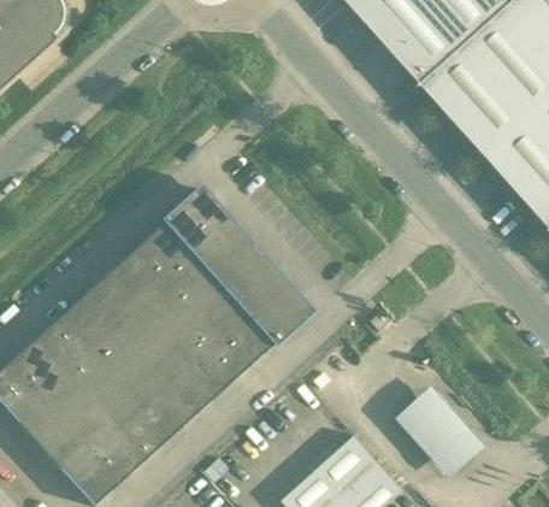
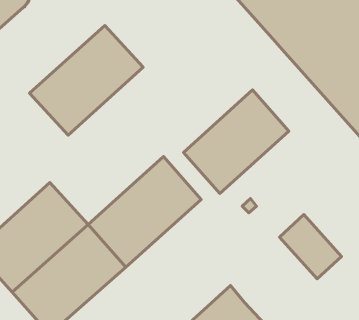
building: none -> [183,90,289,193]
building: [94,189,258,347] -> [30,25,143,135]
building: [395,382,484,474] -> [279,215,341,279]

